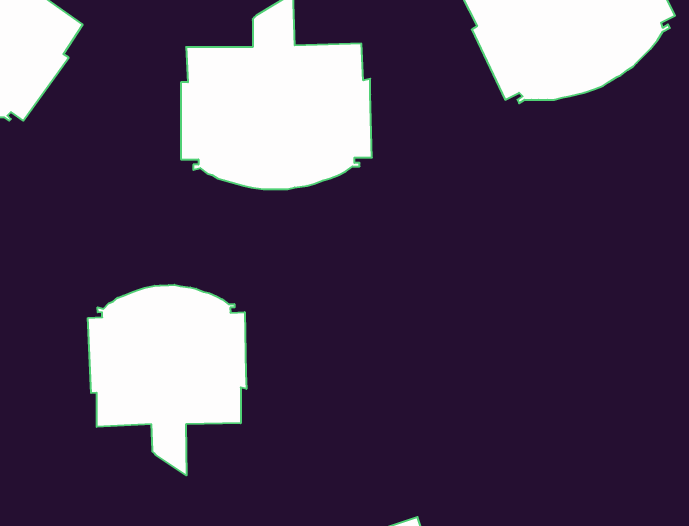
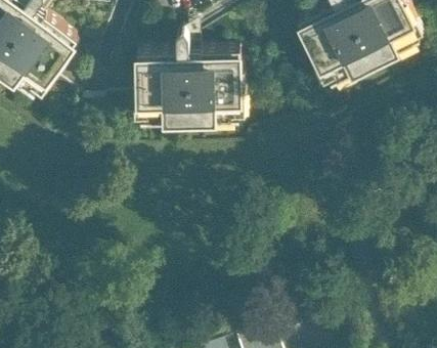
building: [88,285,246,475] -> none

